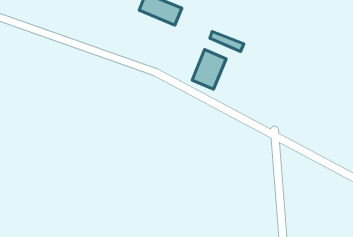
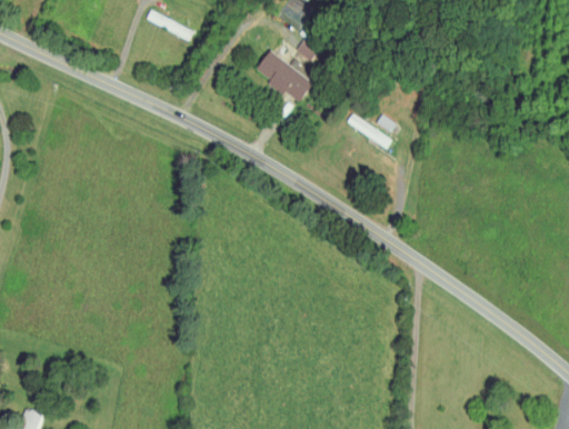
building: [192,50,226,89] -> none

